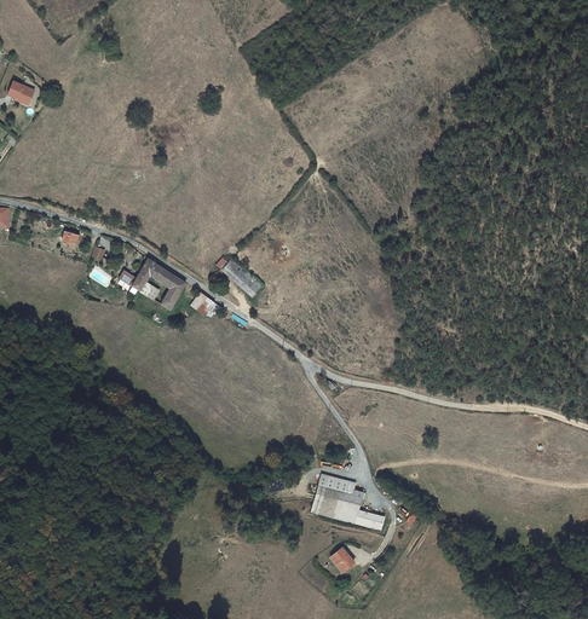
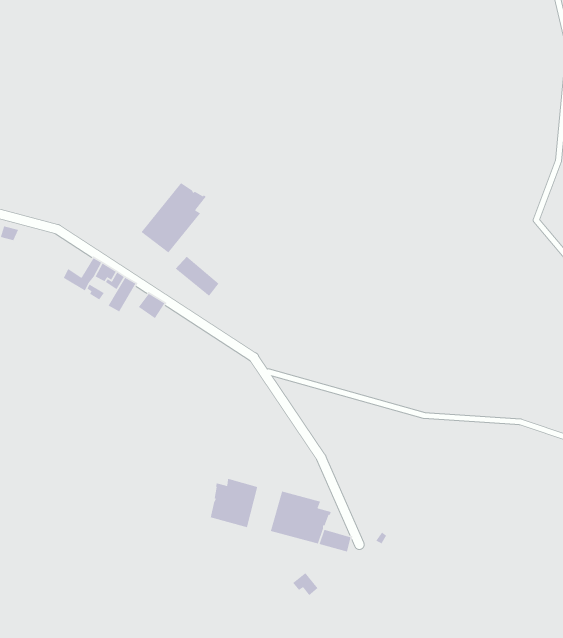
building: none -> [141,182,207,253]
building: none -> [210,478,258,528]

